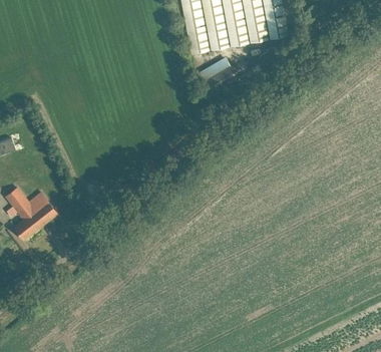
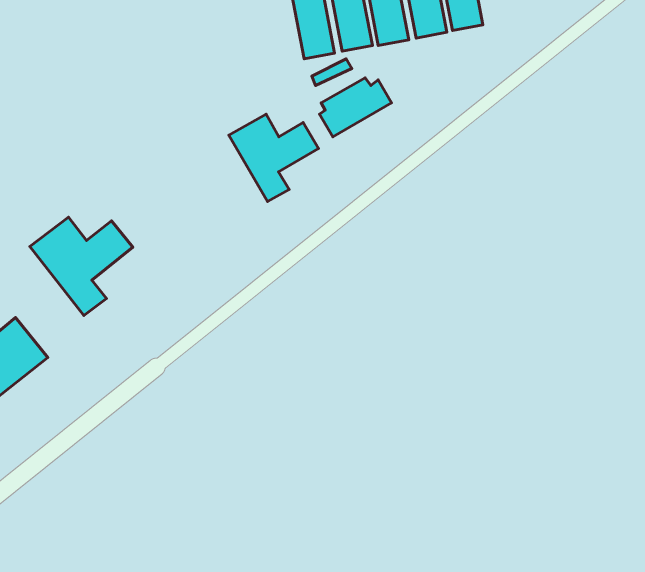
building: none -> [229,114,318,201]
building: none -> [30,217,133,315]

